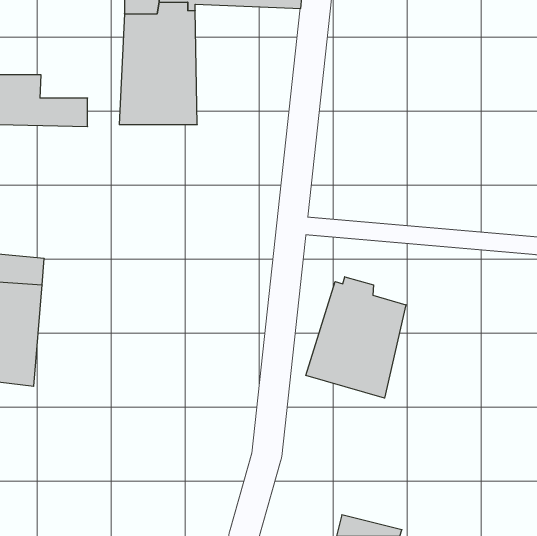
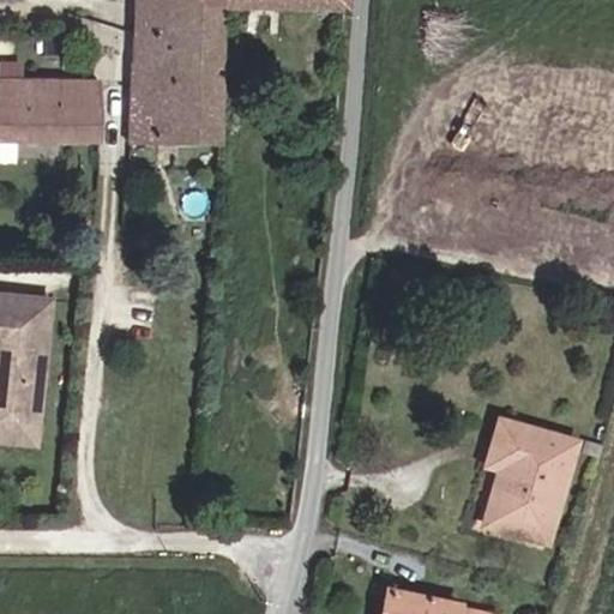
building: none -> [46,85,101,112]
building: [306,277,406,398] -> none
building: none -> [481,417,574,541]

